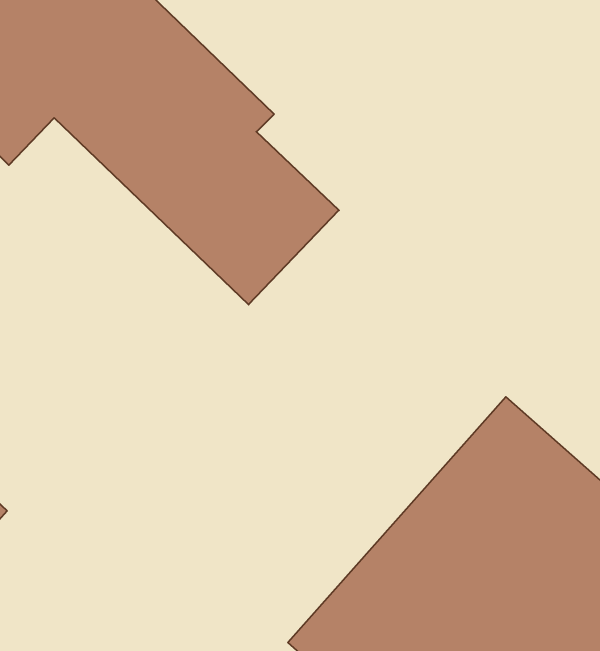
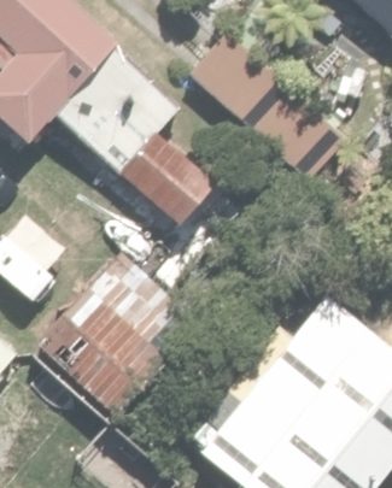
building: none -> [34,257,179,405]

